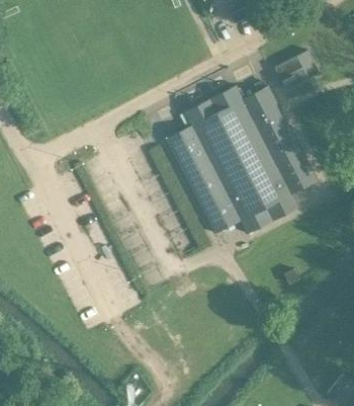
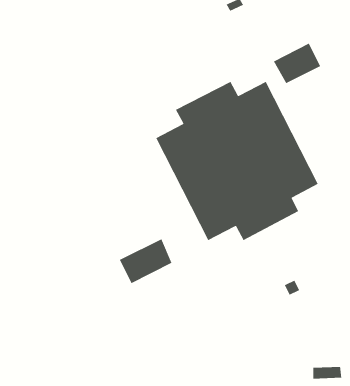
building: none -> [119,238,172,284]

